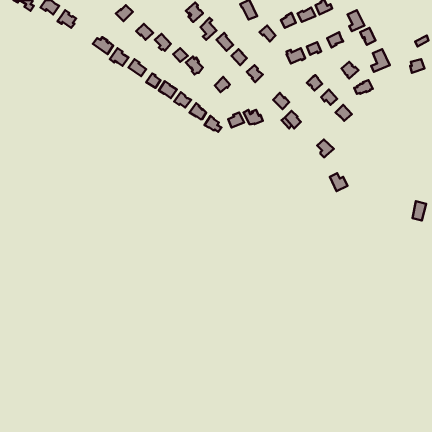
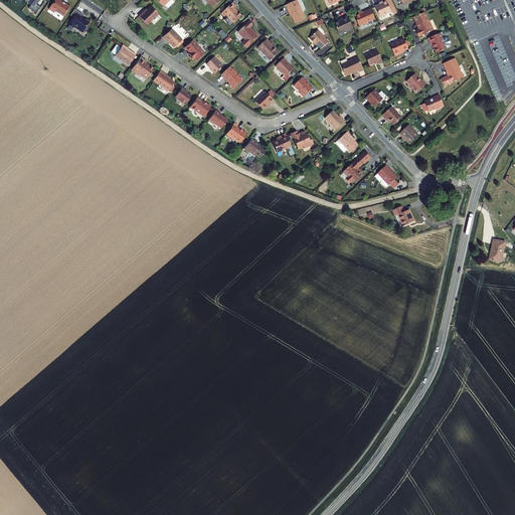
building: none -> [343,151,371,183]

